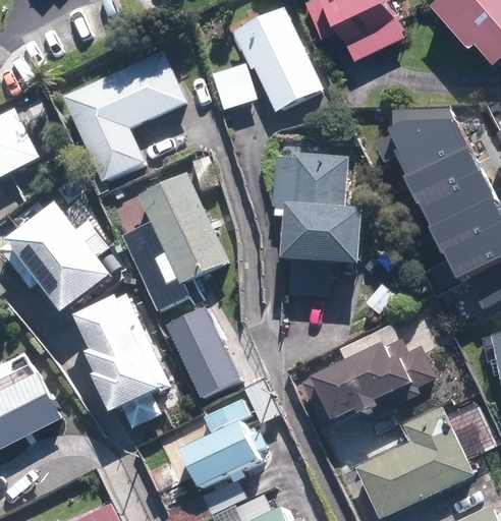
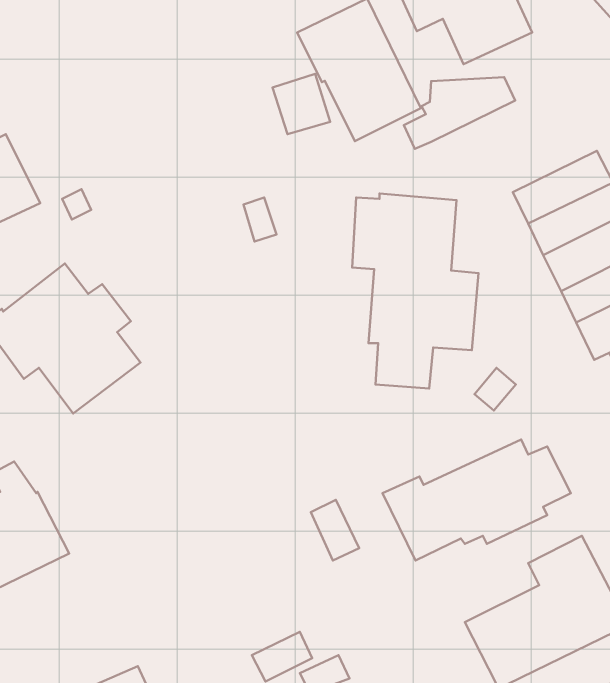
building: [64,53,185,184] -> none
building: [371,104,453,157] -> [404,77,515,149]
building: [120,173,227,306] -> none
building: [79,295,173,427] -> none
building: [163,303,237,393] -> none
building: [176,418,254,484] -> none

